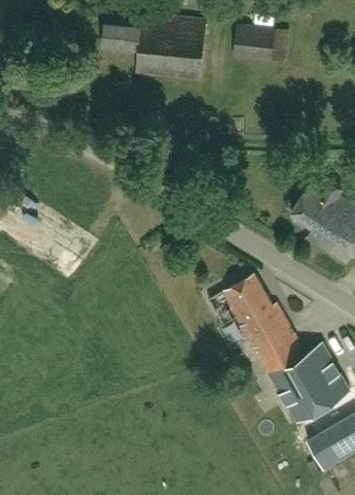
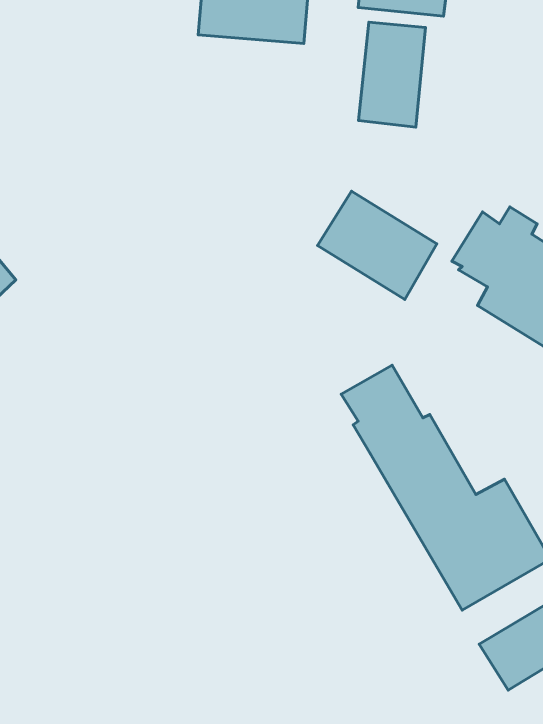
building: none -> [358,22,426,127]
building: none -> [318,191,437,299]

